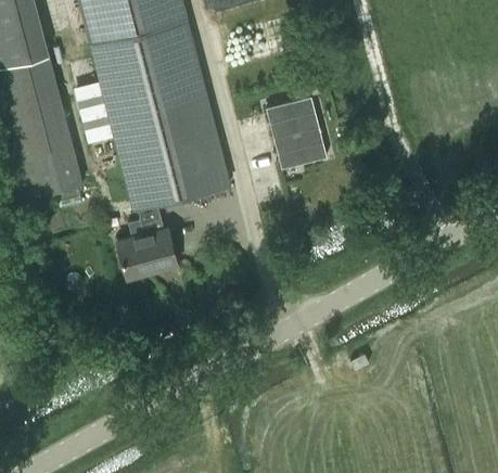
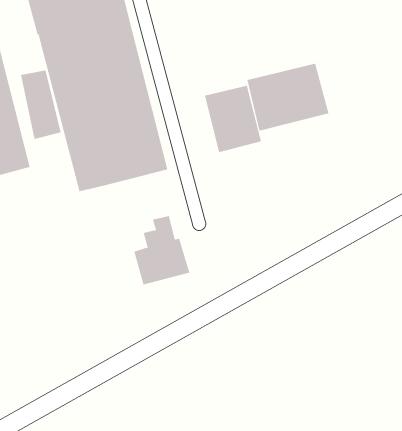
building: none -> [247,63,329,131]
building: [119,203,179,277] -> [134,215,190,285]

